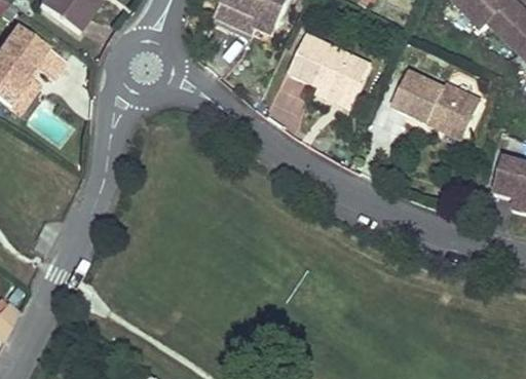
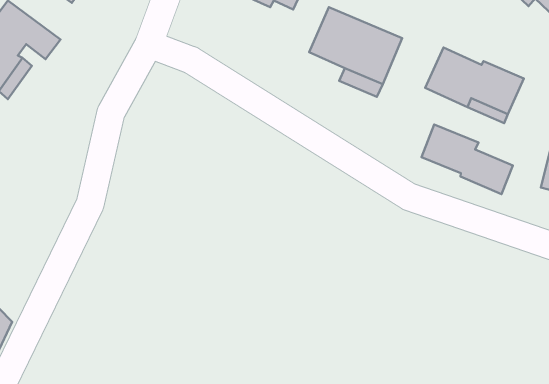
building: none -> [421,125,513,194]

